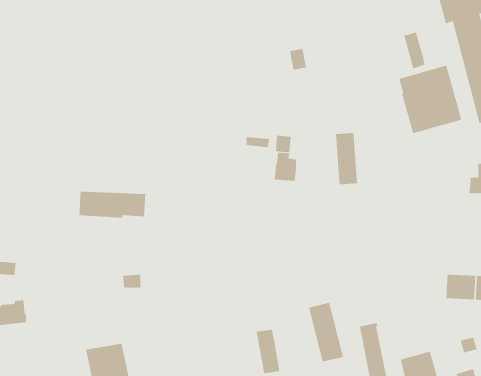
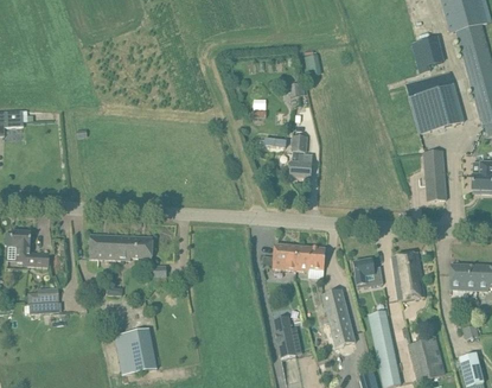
building: [335,133,358,185] -> [424,152,446,201]
building: [79,191,146,218] -> [90,235,153,260]
building: none -> [274,243,326,271]
building: none -> [392,252,426,300]
building: none -> [353,259,383,287]

